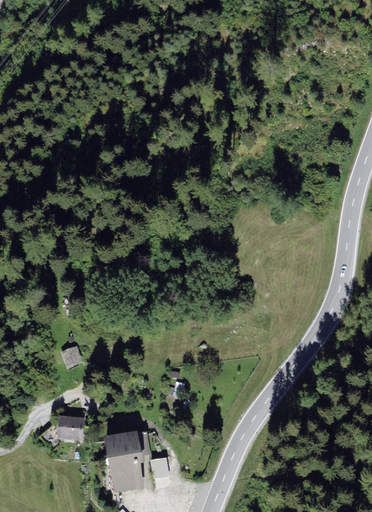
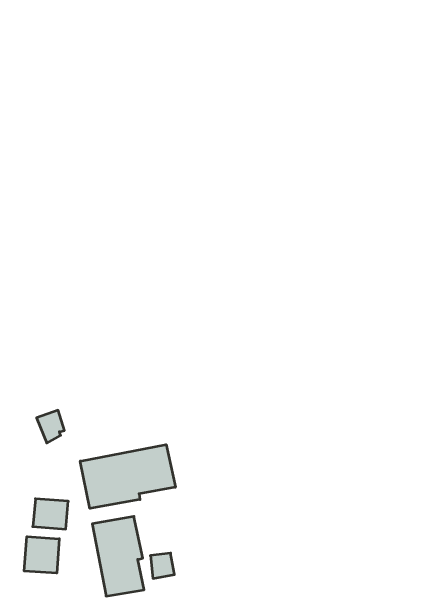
building: none -> [80,445,175,508]
building: none -> [24,537,59,573]

